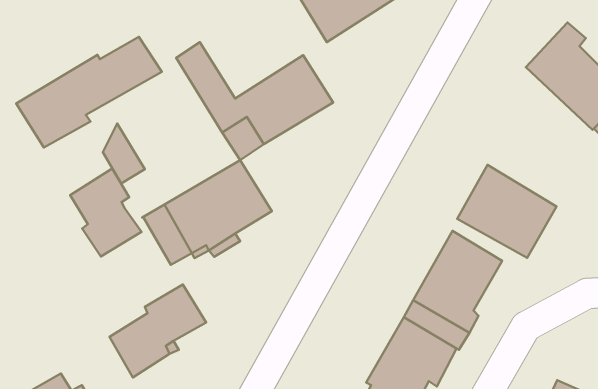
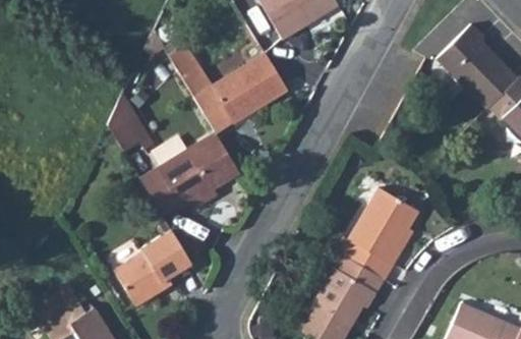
building: [16,37,162,147] -> none
building: [457,165,556,258] -> none
building: [70,168,141,256] -> none

